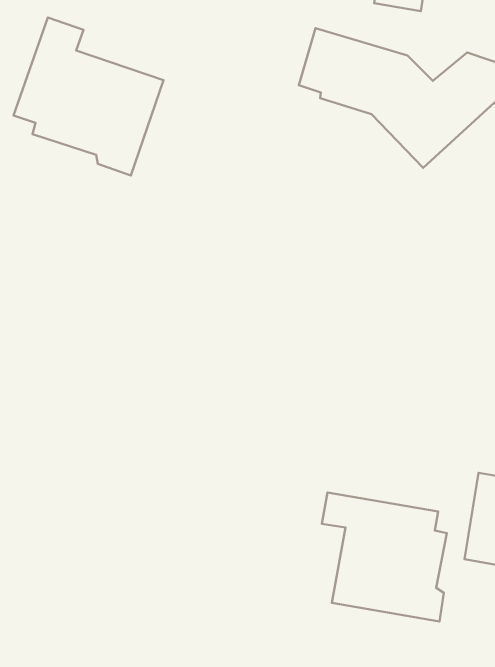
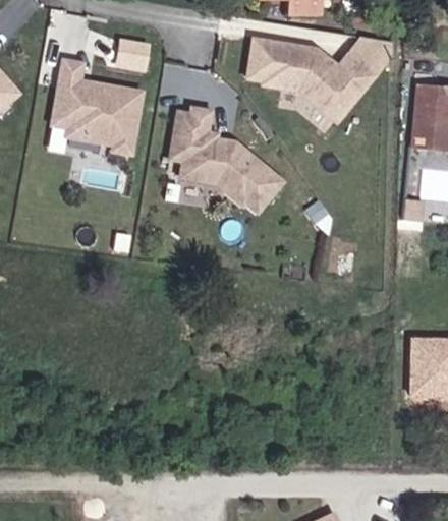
building: none -> [166,106,286,215]
building: [322,493,447,622] -> none

